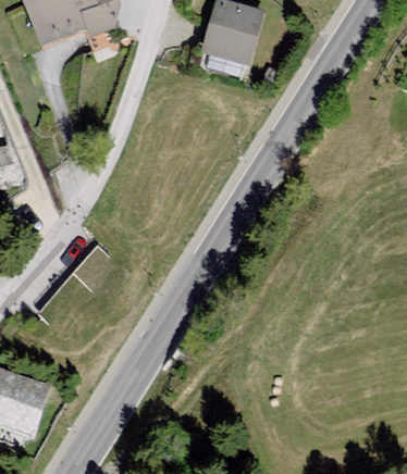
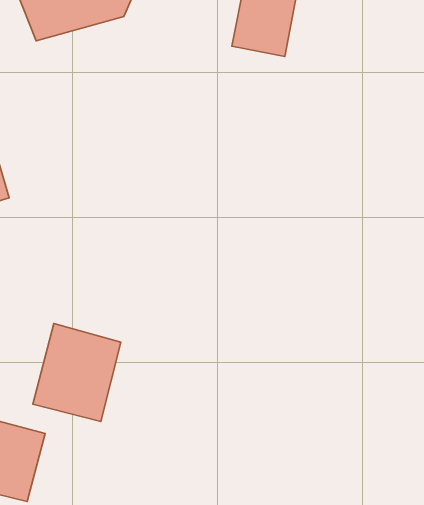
building: none -> [33,324,121,421]

